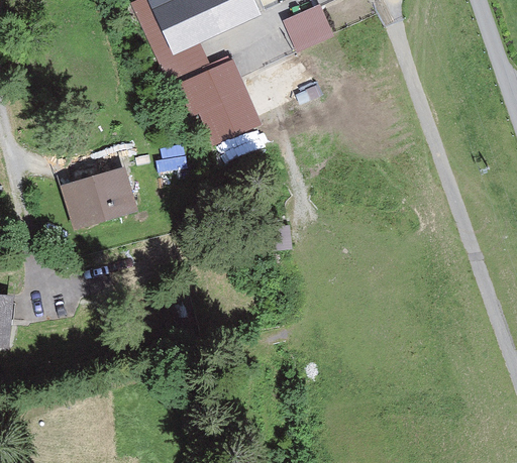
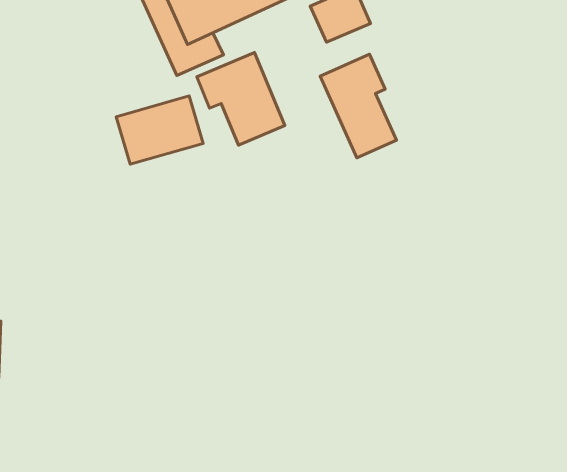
building: none -> [320,54,397,158]
building: [61,167,136,227] -> [116,96,203,164]

